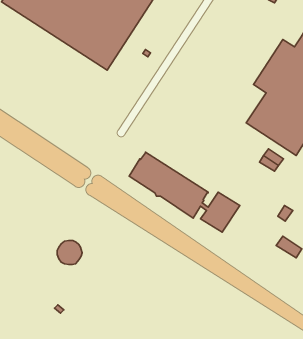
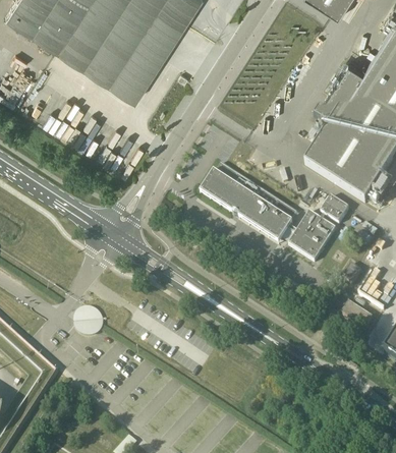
building: [129,152,240,232] -> [201,163,336,261]

